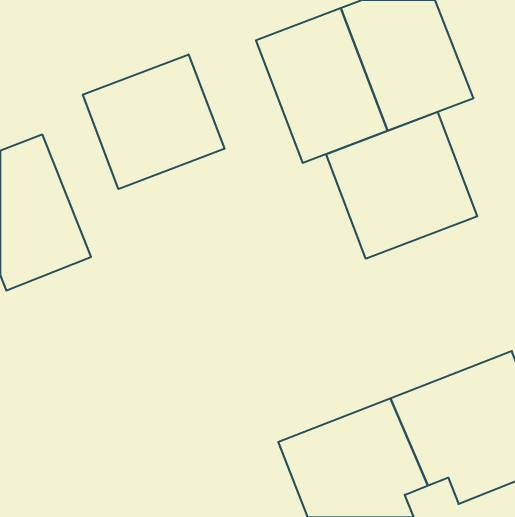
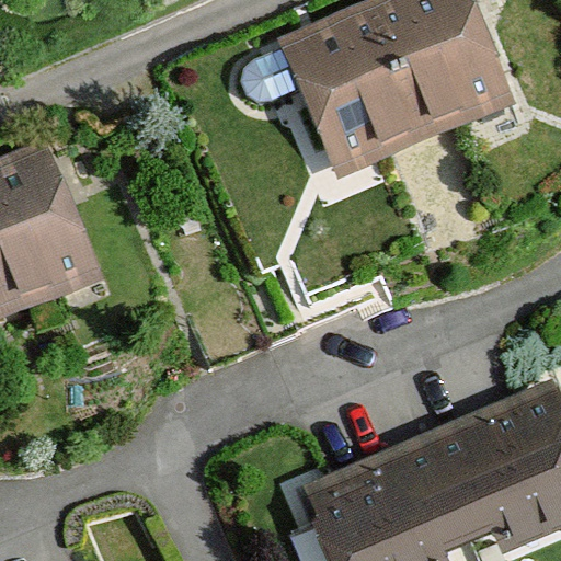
building: [83,54,224,189] -> none
building: [326,112,477,259] -> none

